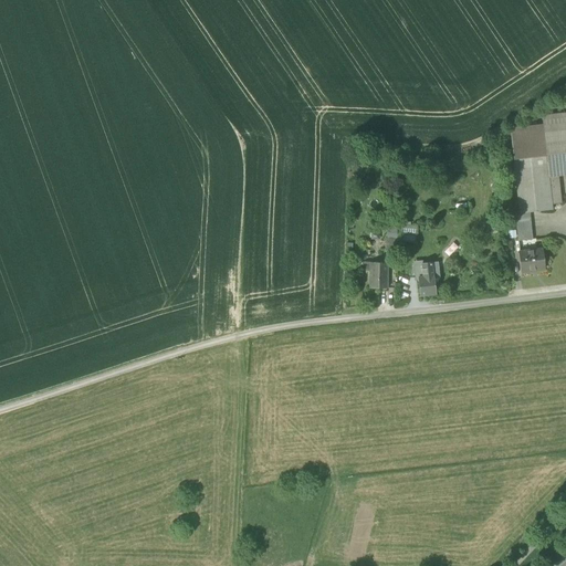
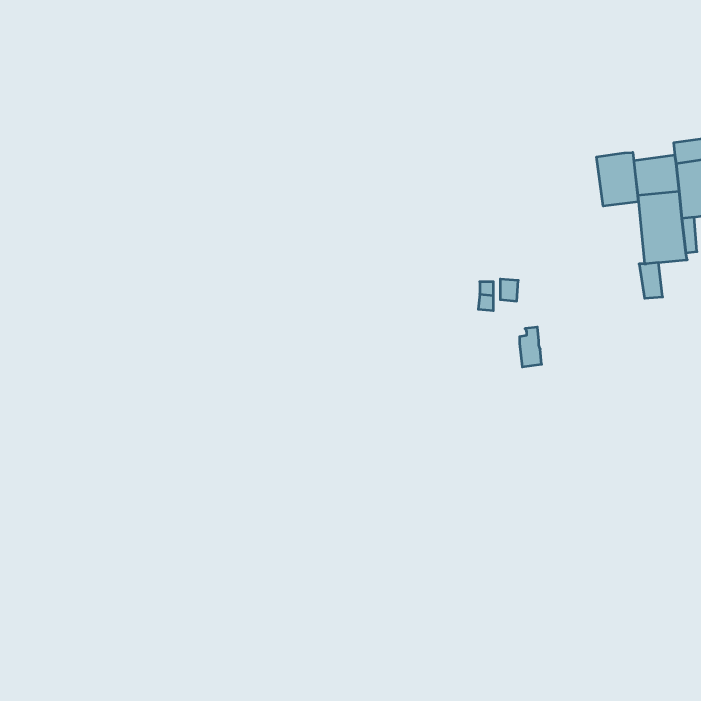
building: none -> [597,152,638,206]
building: [520,249,546,271] -> none
building: [370,261,388,287] -> none

